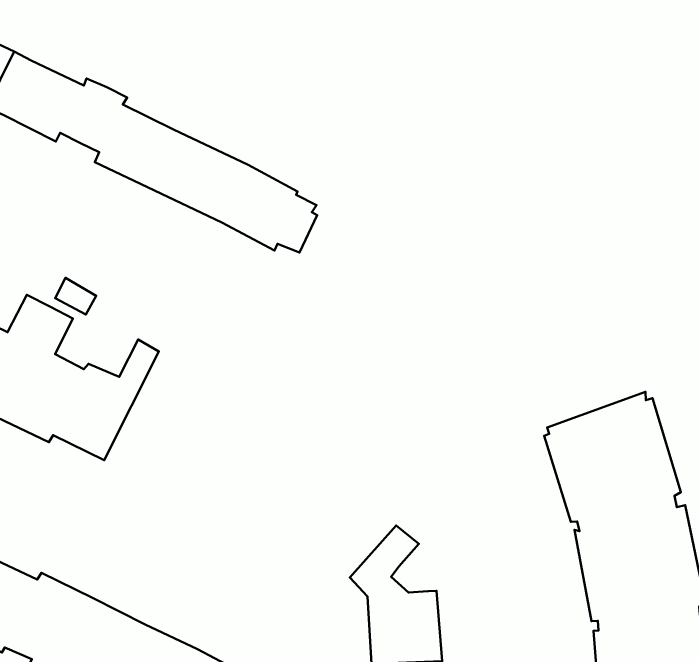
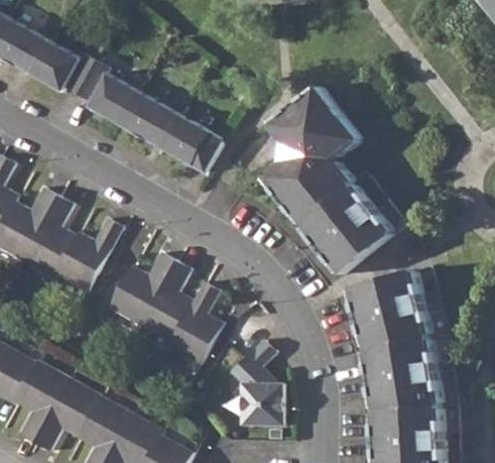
building: none -> [266,86,393,274]
building: none -> [105,251,217,362]

